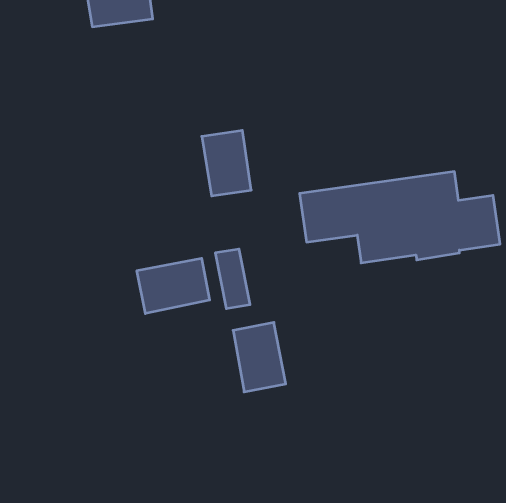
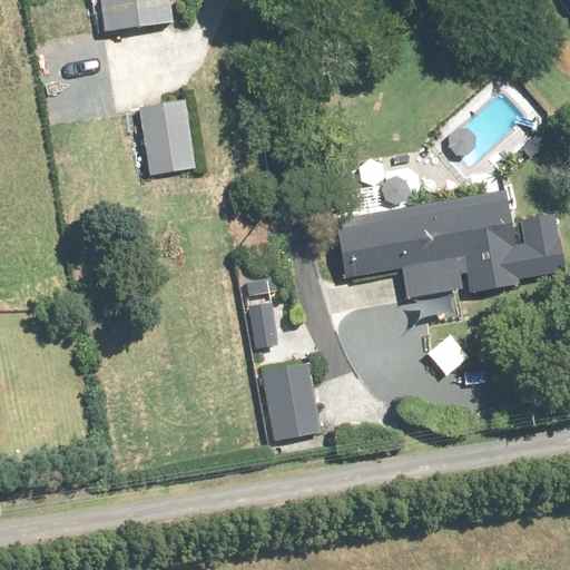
building: [202,130,251,196] -> [139,100,195,174]
building: [137,258,210,314] -> none

